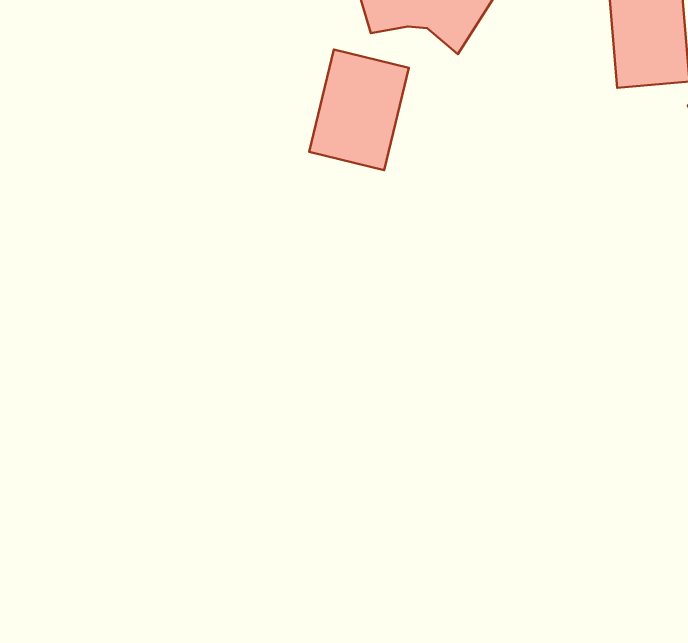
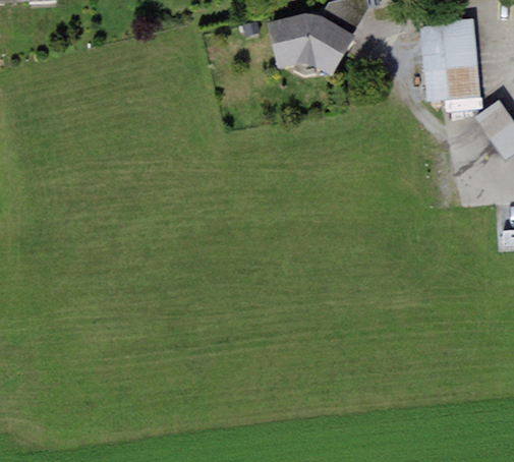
building: [309,49,409,170] -> none

